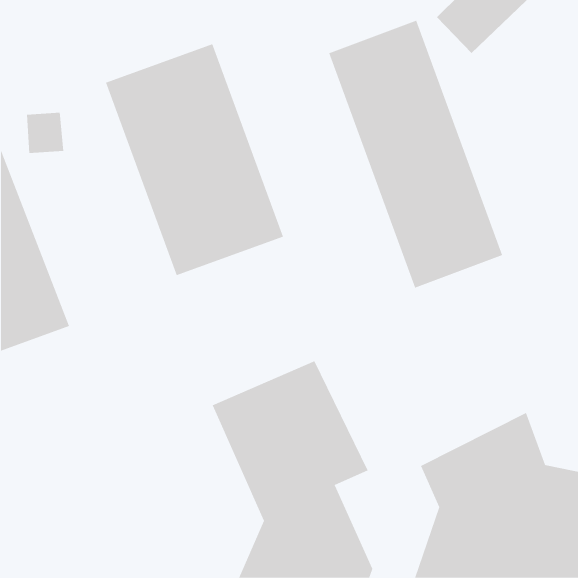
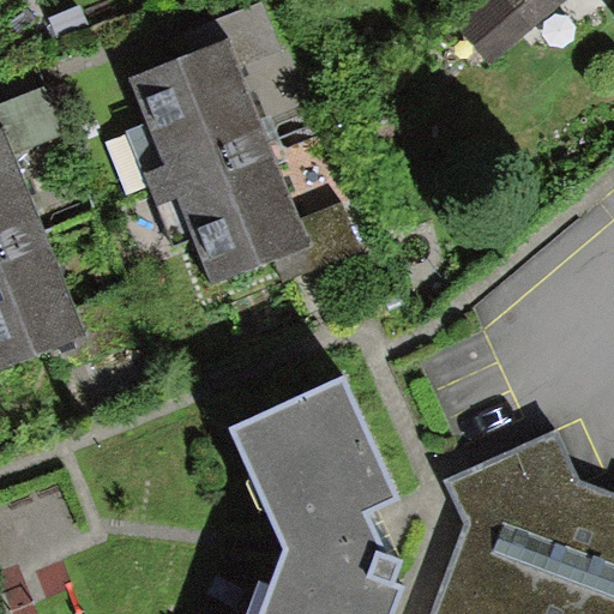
building: [328,20,503,289] -> none

